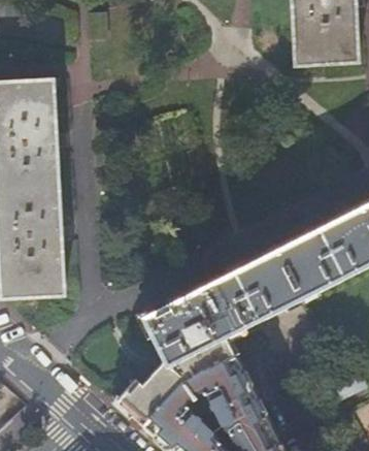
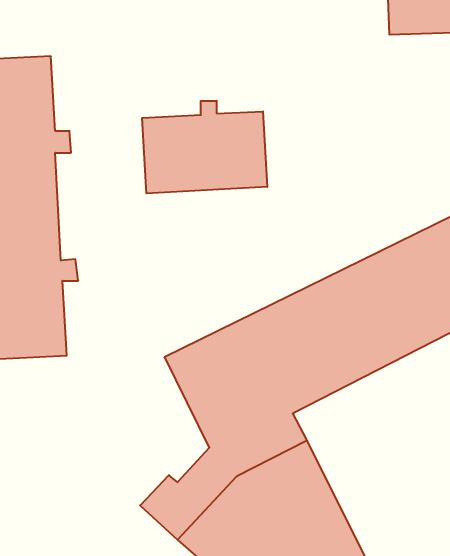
building: none -> [142,101,267,193]

